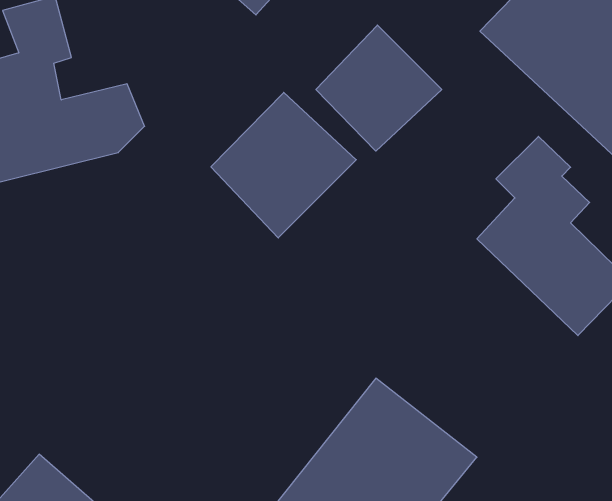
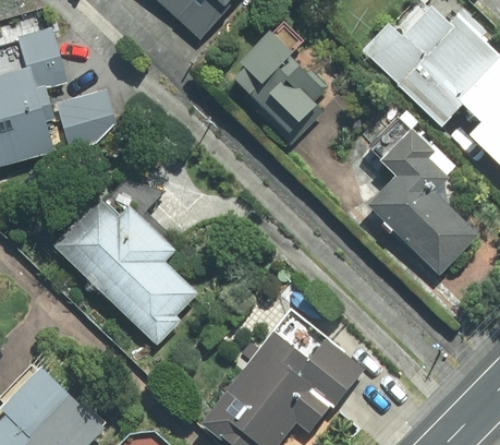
building: [211,92,356,238] -> none
building: none -> [51,196,206,346]

